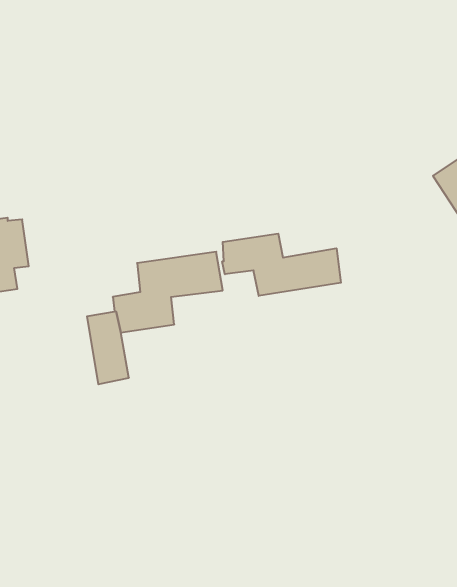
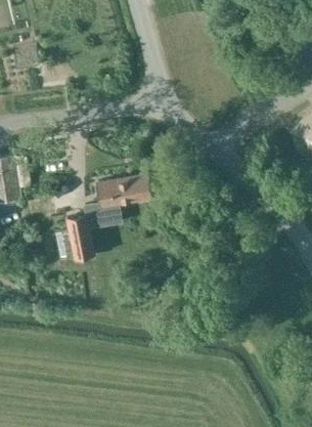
building: [222,234,341,296] -> none

